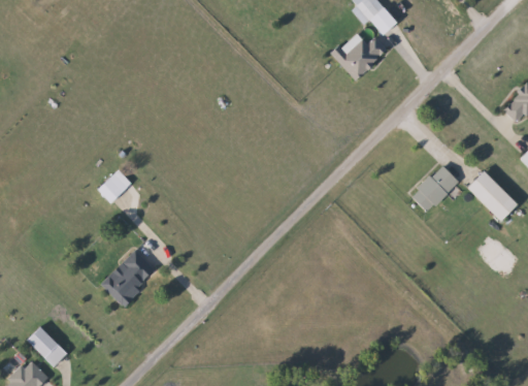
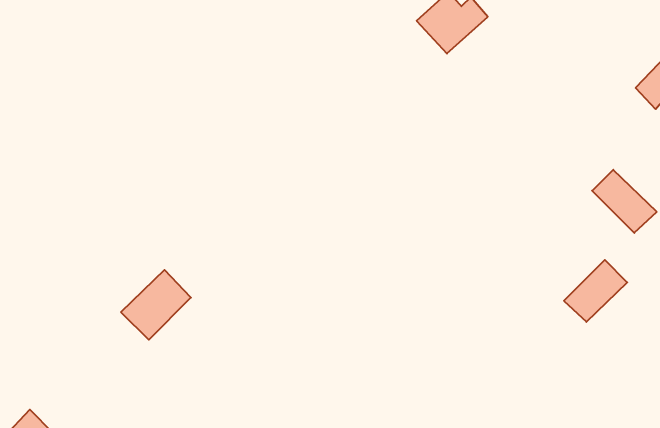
building: [409,164,459,213] -> [564,260,627,322]
building: [96,174,126,204] -> none
building: [27,326,67,366] -> none

